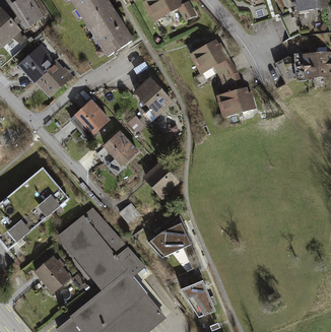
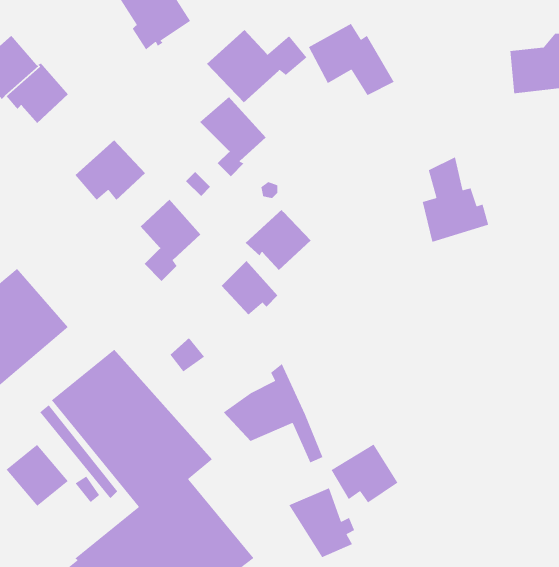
building: none -> [206,29,308,103]
building: [218,71,253,116] -> [422,156,489,243]
building: none -> [245,209,311,271]
building: none -> [330,444,399,503]

